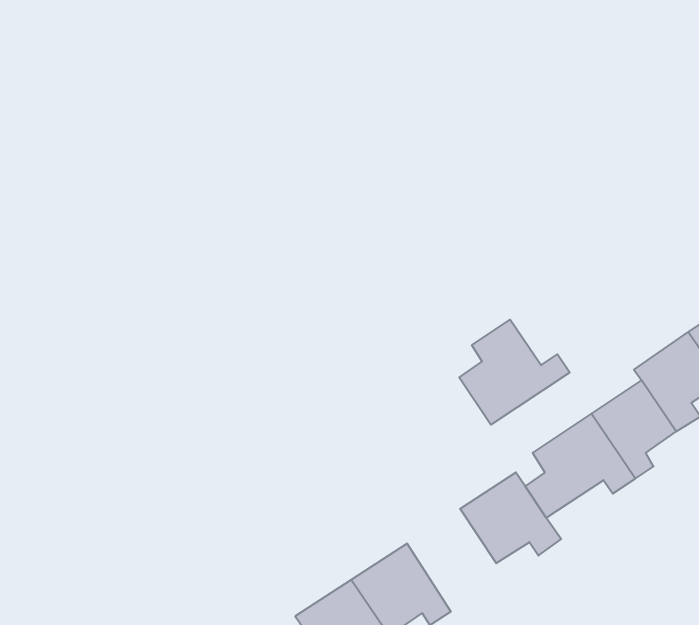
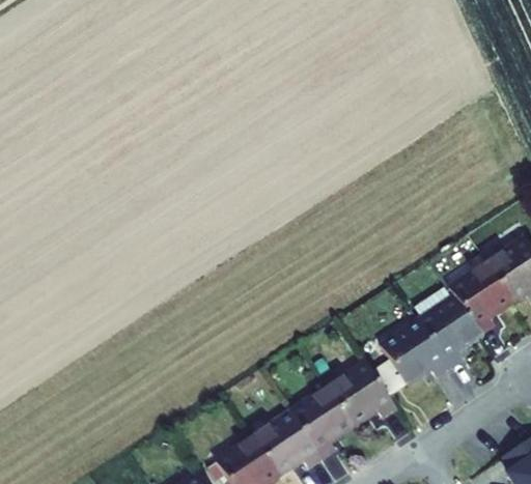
building: [459,320,570,425] -> none
building: none -> [294,387,355,457]

